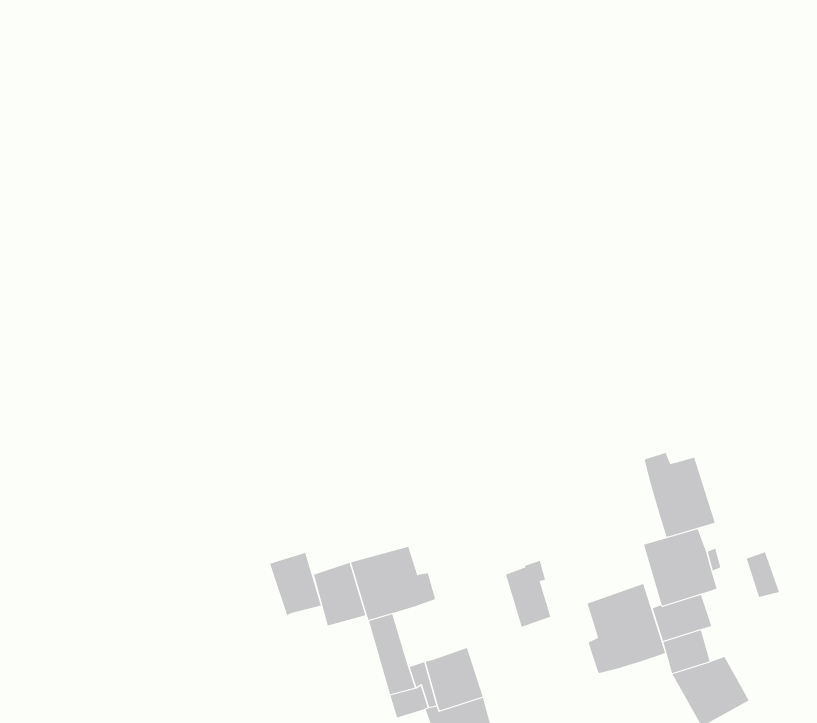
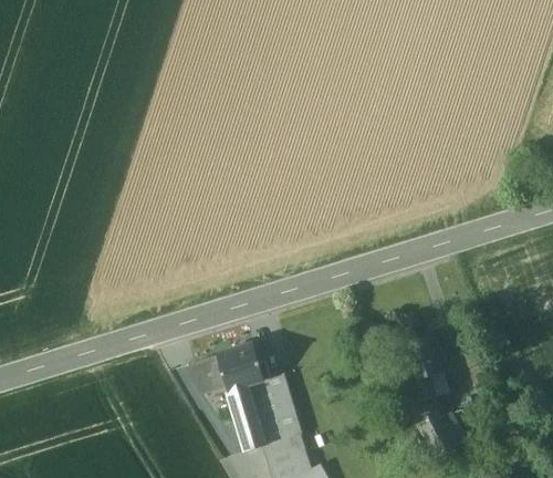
building: [644,452,715,538] -> none
building: [270,552,322,616] -> none
building: [505,560,551,628] -> [260,375,289,417]
building: [587,583,666,674] -> none

